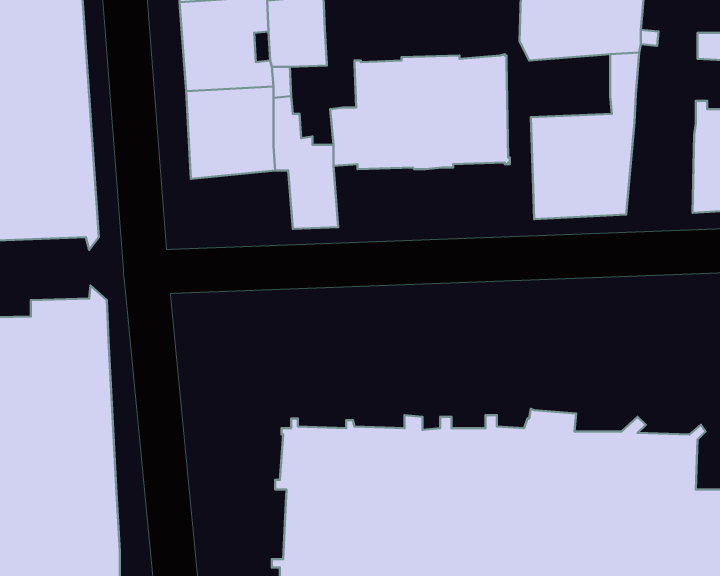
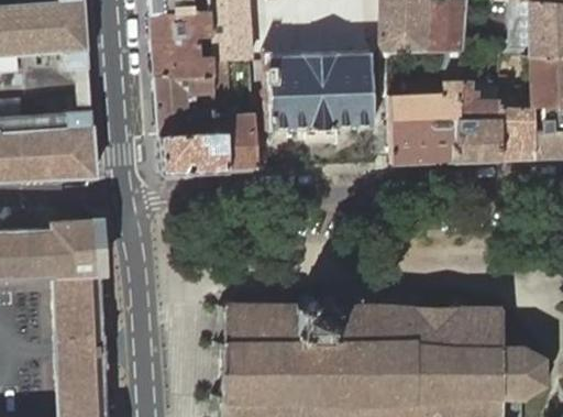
building: none -> [453,79,500,161]
building: none -> [157,131,227,173]

